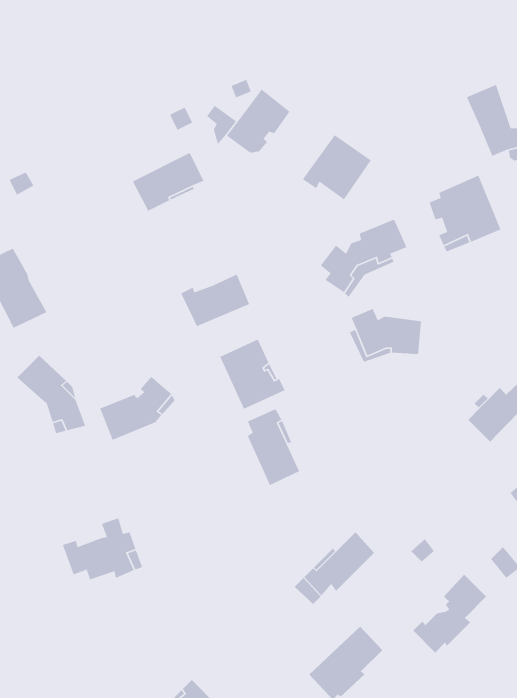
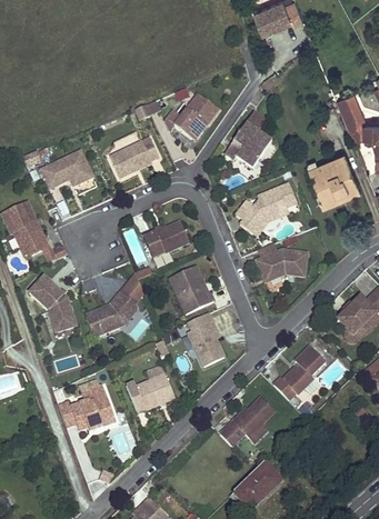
building: none -> [40,151,92,191]
building: none -> [130,373,176,410]
building: [412,574,487,653] -> [273,346,325,400]

